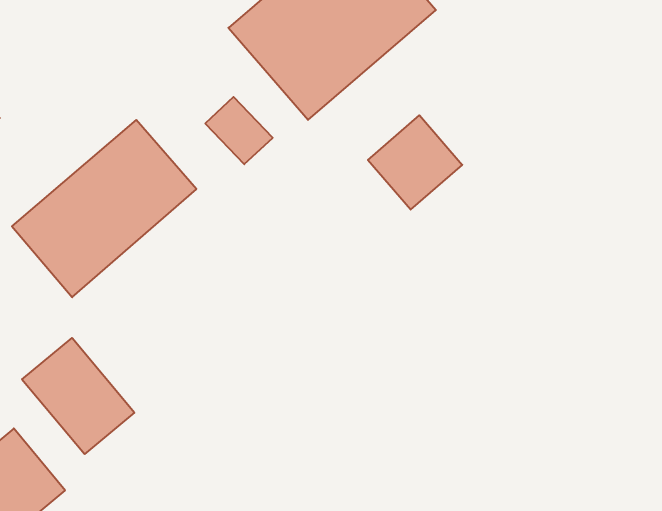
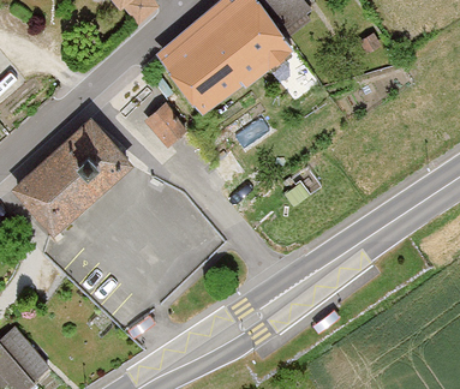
building: [368,115,462,210] -> none
building: [22,338,134,454] -> none

